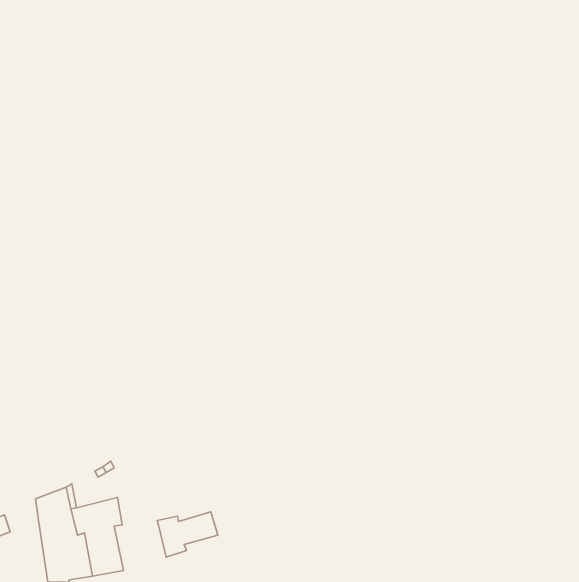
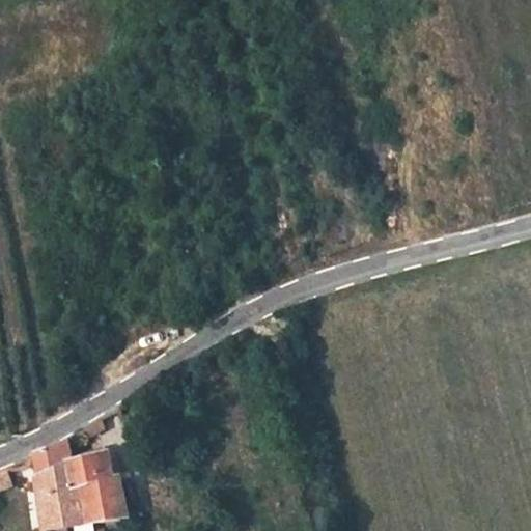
building: [157,512,218,557] -> none

